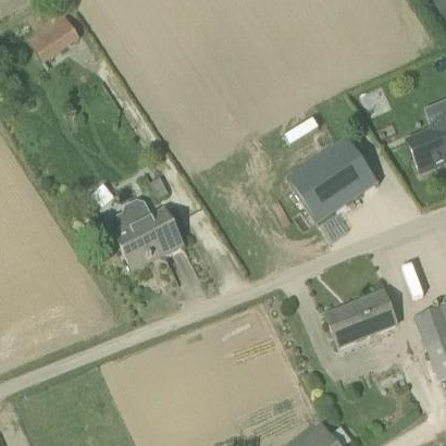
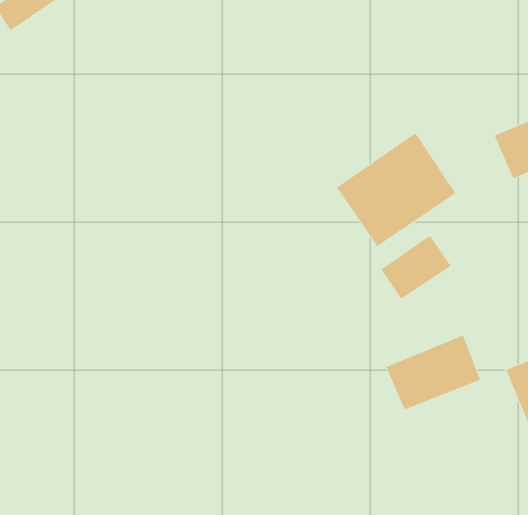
building: [108,198,184,269] -> none
building: none -> [381,235,452,299]

